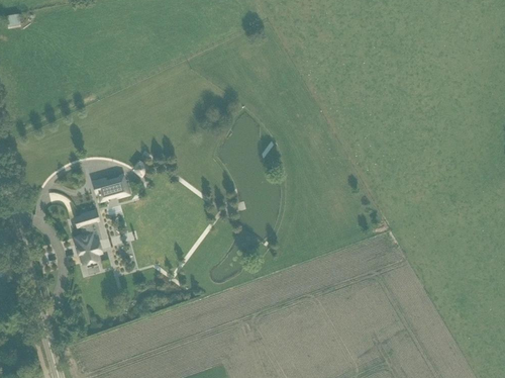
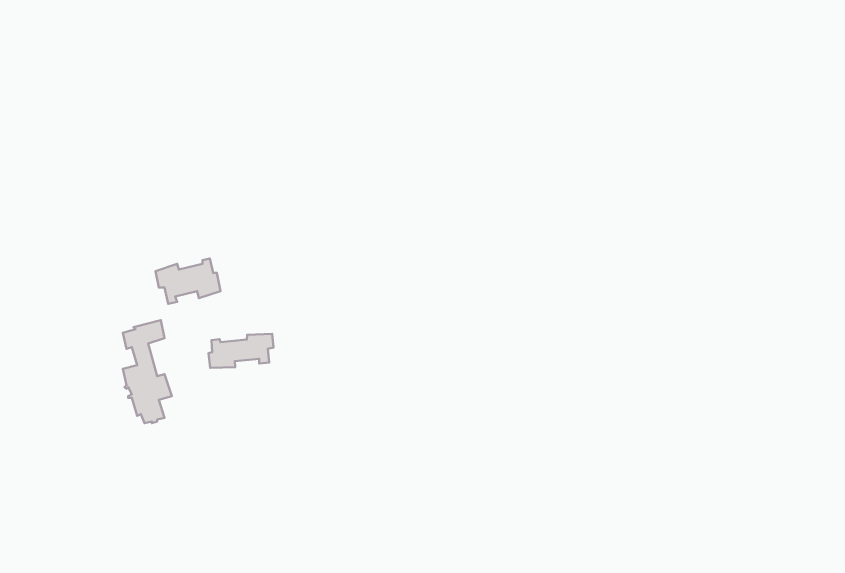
building: none -> [208,334,273,368]

